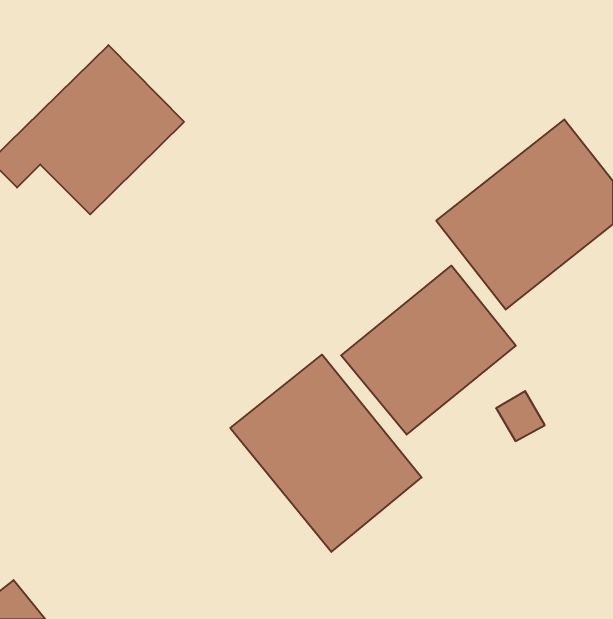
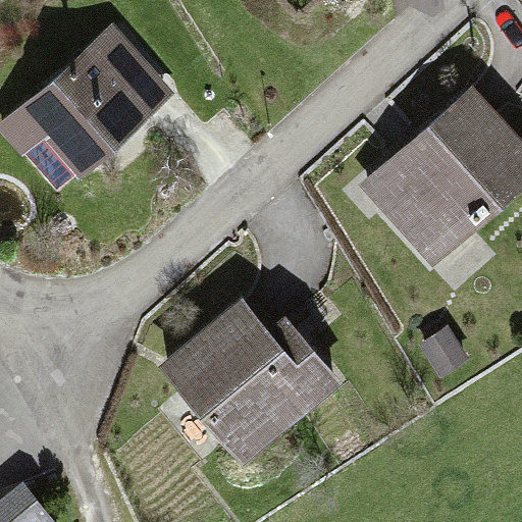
building: [341,266,516,435] -> none

